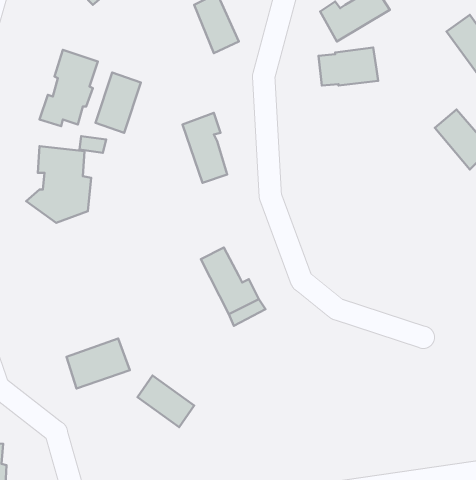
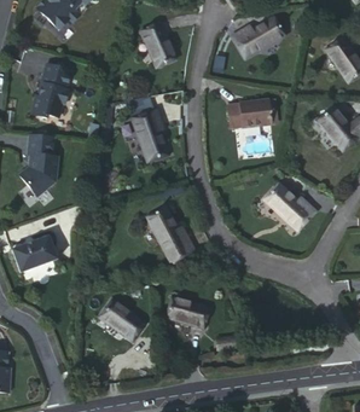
building: [318,47,378,86] -> [228,99,272,127]
building: [95,72,141,133] -> none
building: none -> [266,185,315,230]
building: [67,339,130,388] -> [13,234,59,271]
building: none -> [167,297,208,326]

